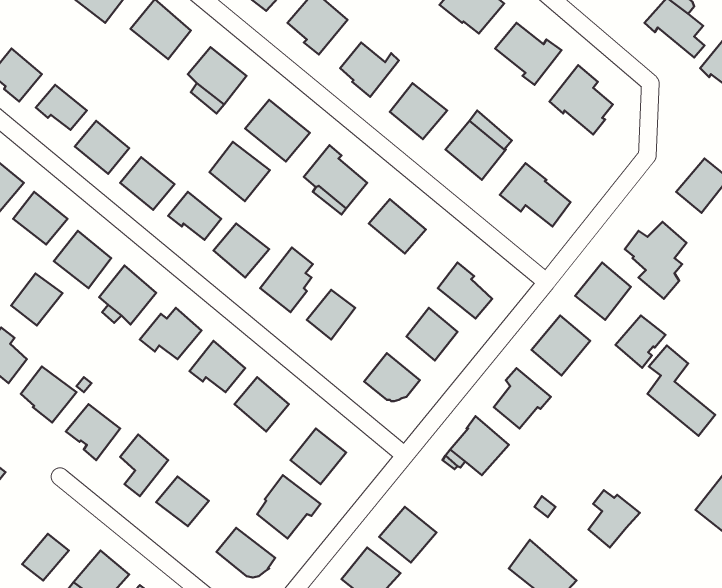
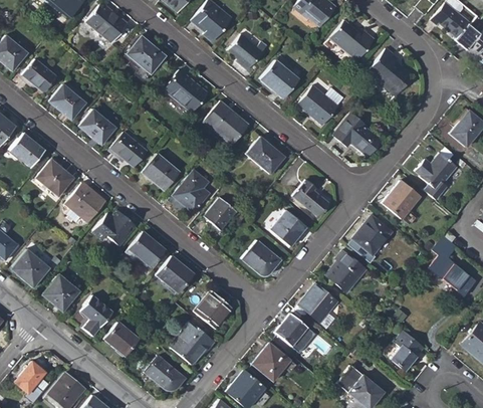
building: [210,142,270,201] -> none
building: [11,273,62,325] -> none
building: [615,315,666,368] -> none
building: none -> [276,313,308,346]

